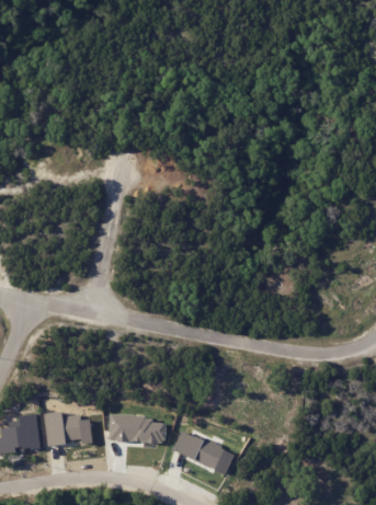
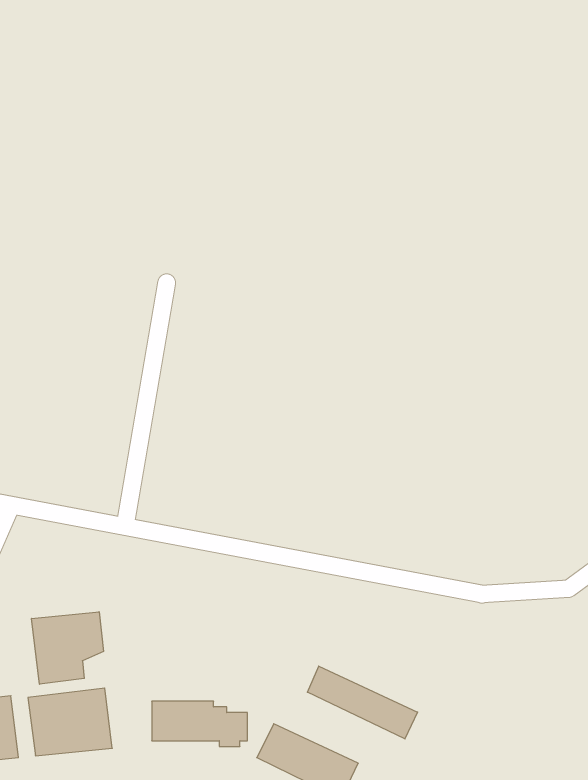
building: none -> [32,612,103,684]
building: none -> [307,666,418,739]

